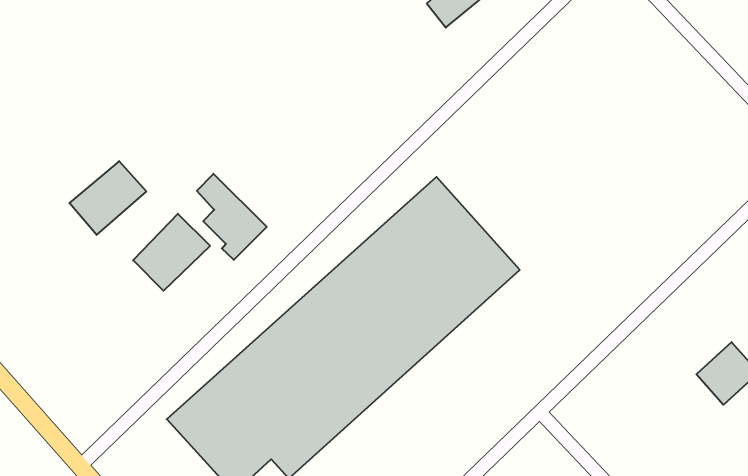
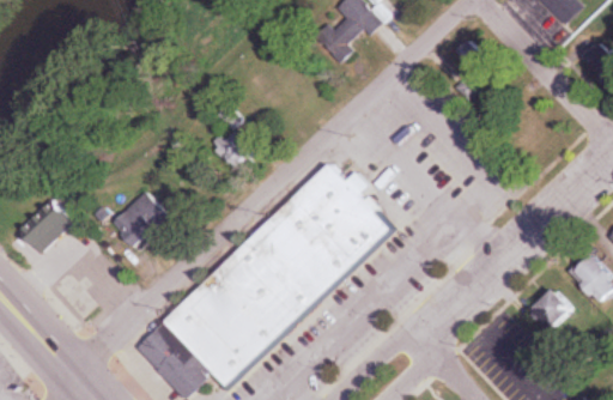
building: [69,161,146,235] -> [17,199,74,254]
building: [197,174,267,260] -> none

